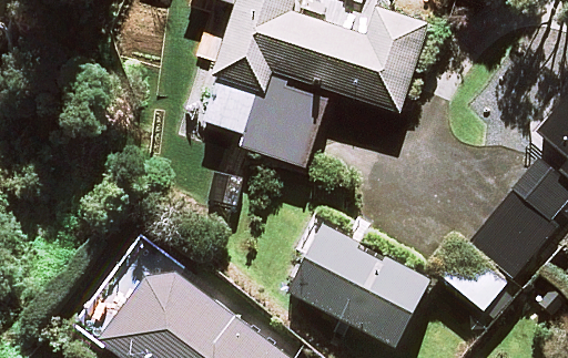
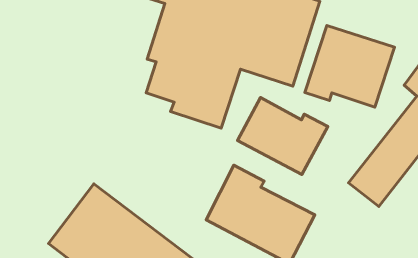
building: none -> [305,26,394,107]
building: none -> [238,98,328,174]

